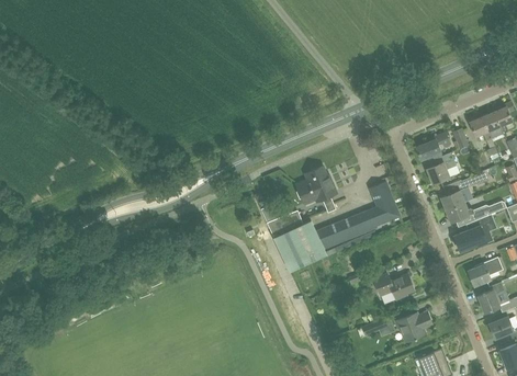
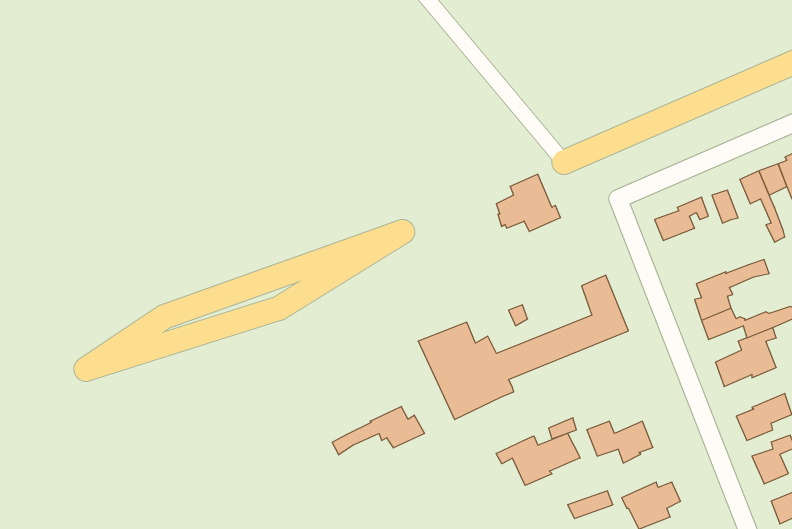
building: [426,152,456,184] -> none
building: [295,167,336,203] -> [496,174,561,232]
building: none -> [332,406,425,455]
building: none -> [496,433,580,485]

